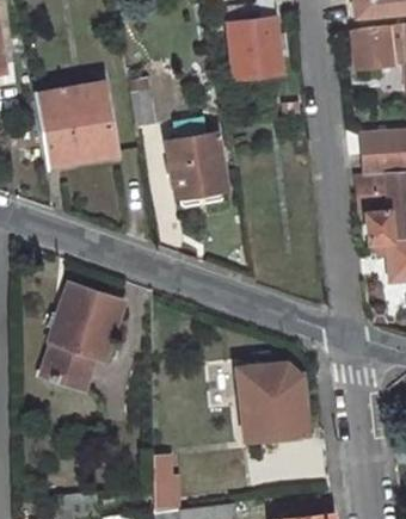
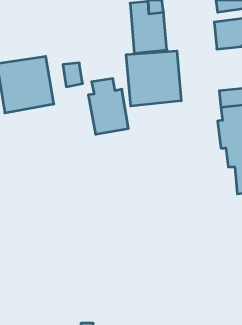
building: none -> [126,51,181,106]
building: [44,283,123,384] -> none
building: [233,362,308,440] -> none

